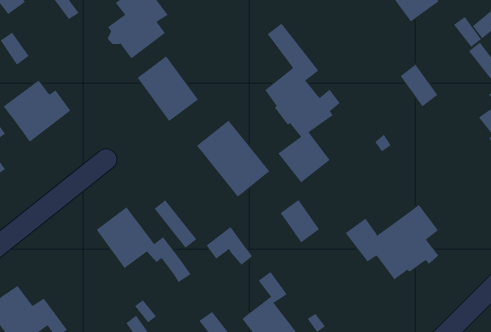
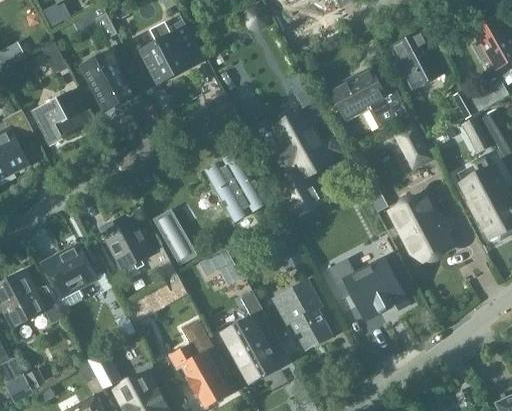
building: none -> [330,69,406,128]
building: [137,56,199,122] -> [81,50,134,110]
building: none -> [389,193,451,263]
building: none -> [271,280,328,346]
building: none -> [43,246,95,307]

